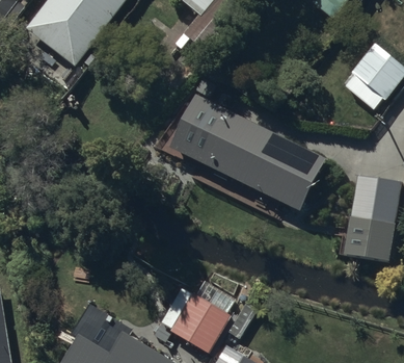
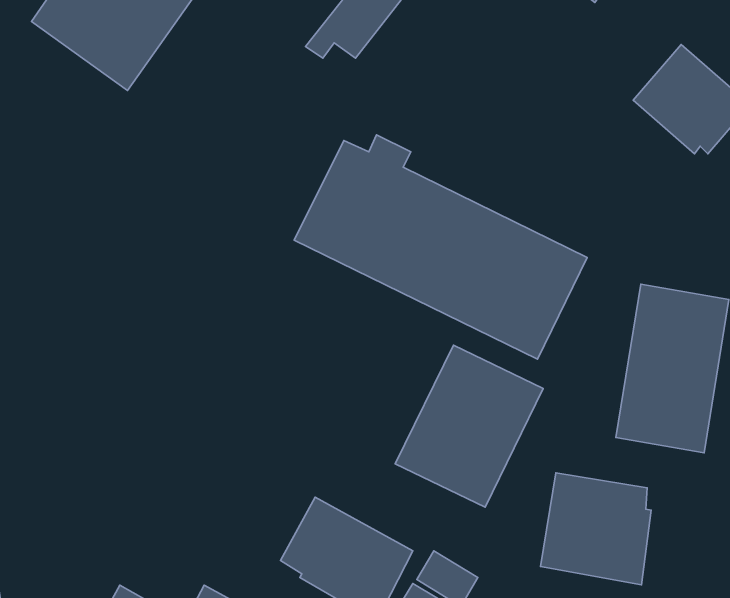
building: none -> [395,345,543,507]
building: none -> [541,473,651,585]

